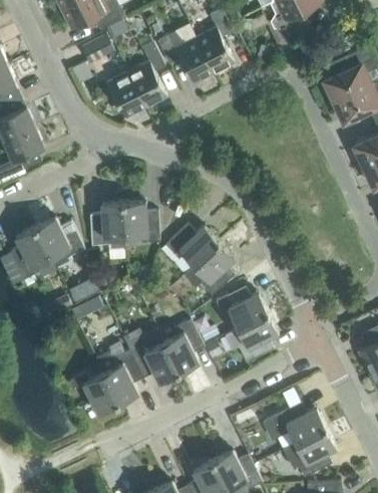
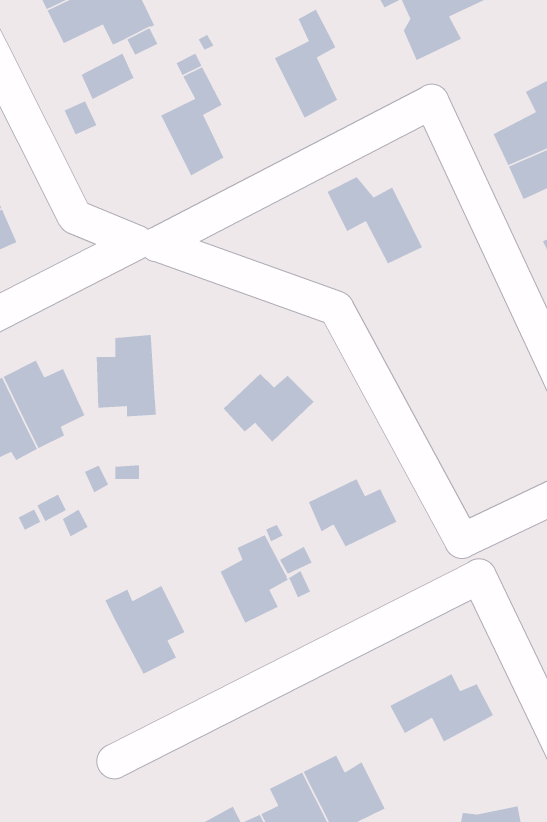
building: [156,31,214,83] -> [326,176,423,264]
building: [107,71,146,117] -> none
building: [123,200,159,243] -> none
building: [184,241,235,295] -> none
building: [226,312,279,362] -> none
building: [124,334,178,383] -> none
building: [68,373,118,414] -> none
building: [283,427,337,477] -> none

